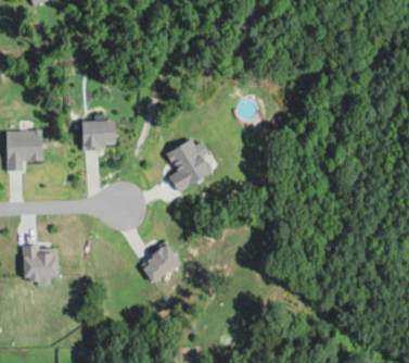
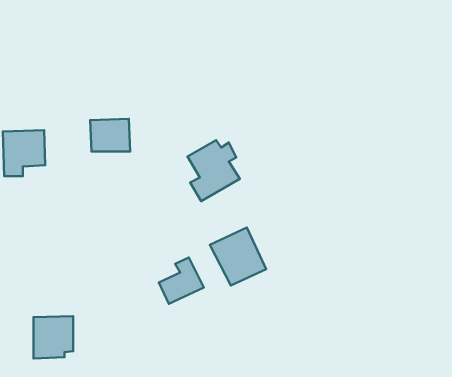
building: none -> [210,228,266,285]
building: [23,247,57,284] -> [33,316,73,359]

